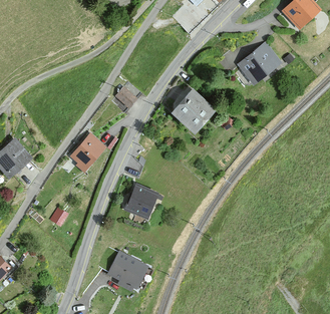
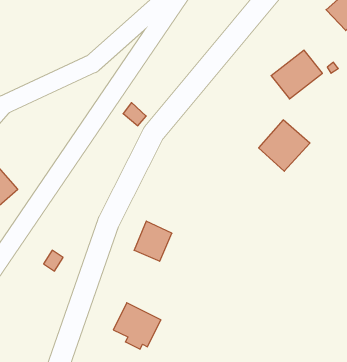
building: [174,89,216,131] -> [259,120,310,171]
building: [72,133,105,170] -> none

